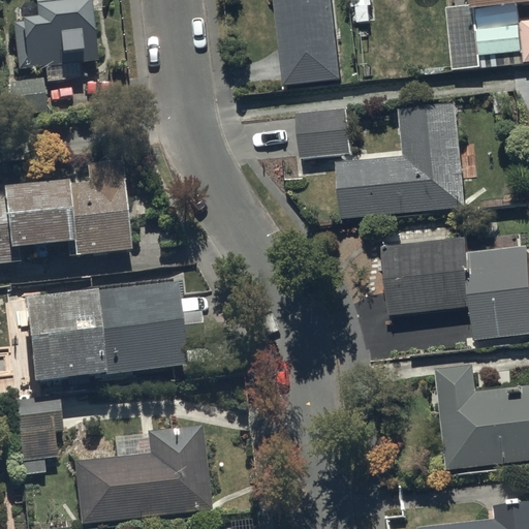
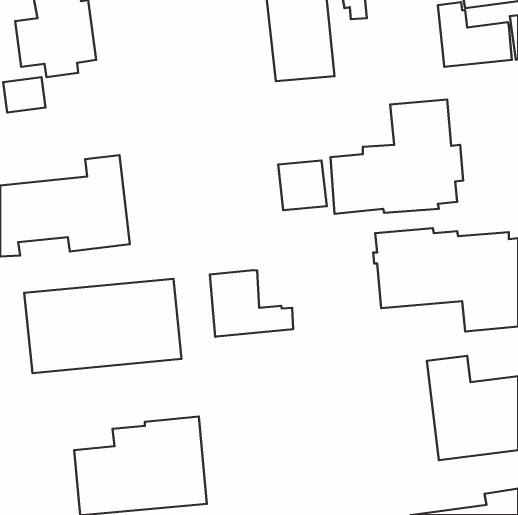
building: [297,106,346,157] -> [278,160,327,210]
building: none -> [210,270,293,337]
building: [15,396,66,475] -> none

